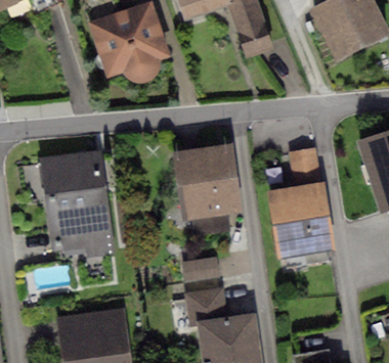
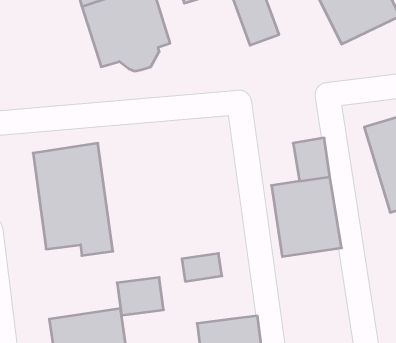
building: [173,145,242,236] -> none
building: [184,288,228,324] -> [117,277,164,315]

